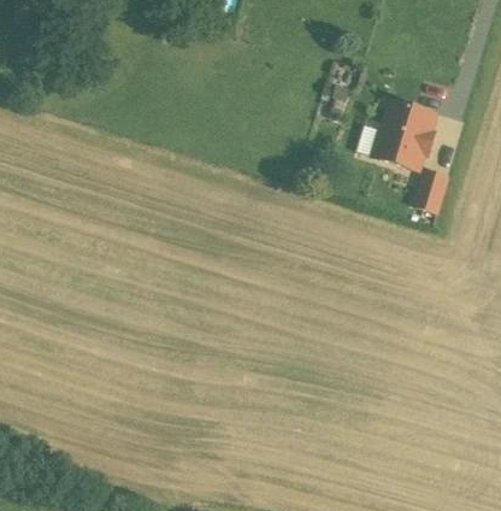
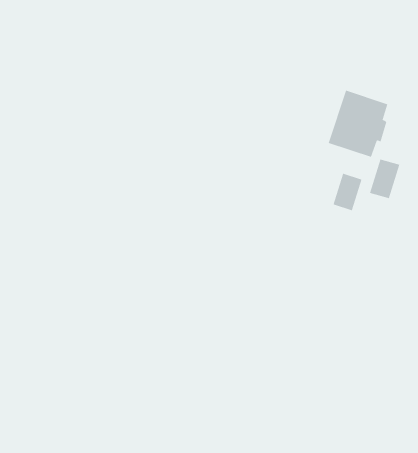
building: none -> [333,173,362,211]

